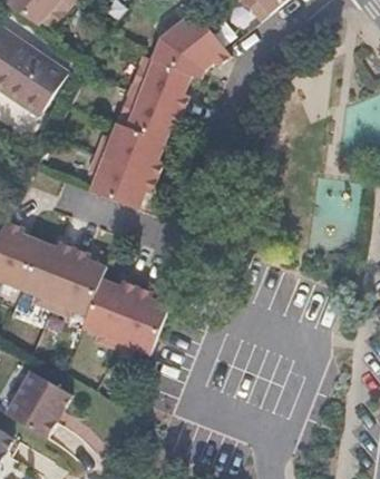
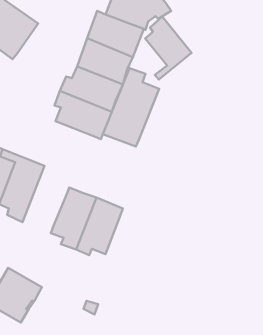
building: none -> [145,16,191,80]
building: none -> [103,68,159,147]
building: [50,245,111,321] -> none

